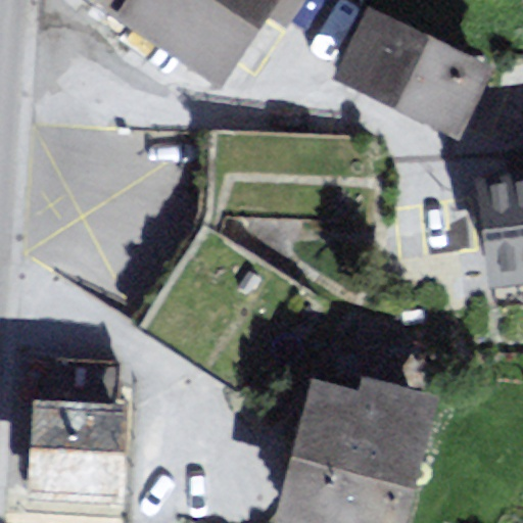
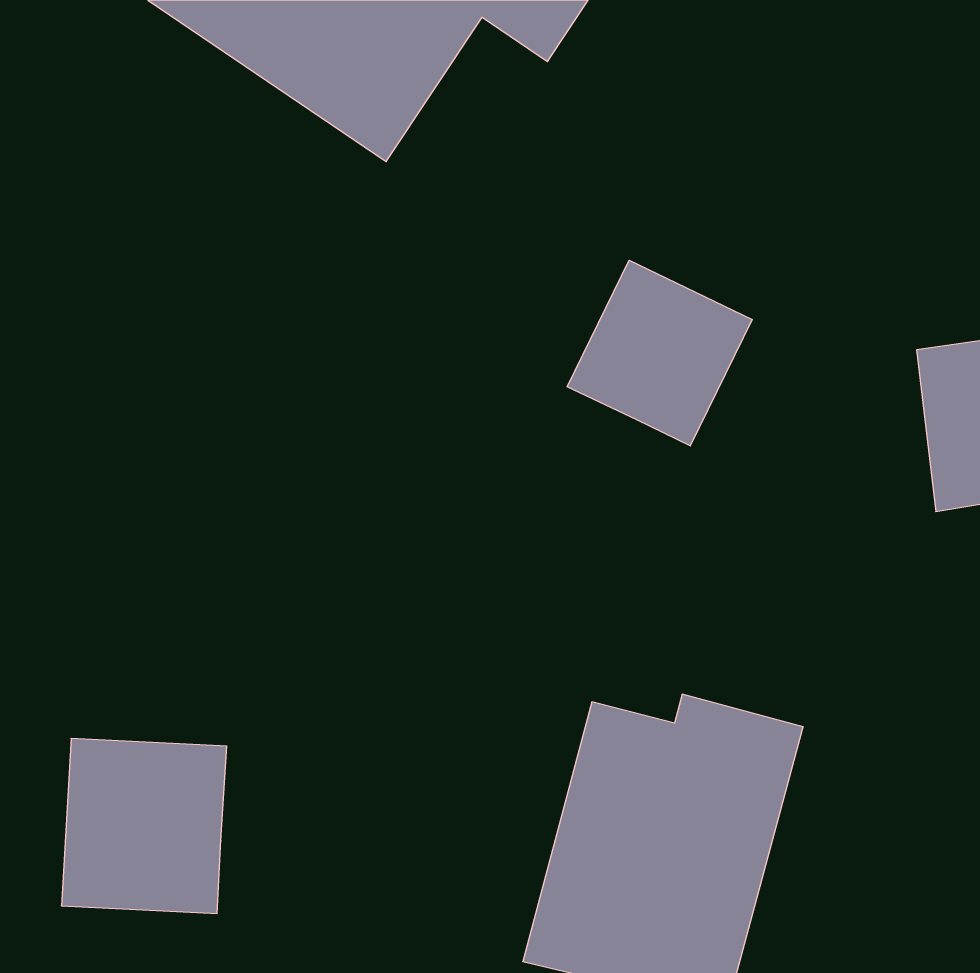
building: [347,20,484,132] -> none
building: none -> [567,260,752,446]

